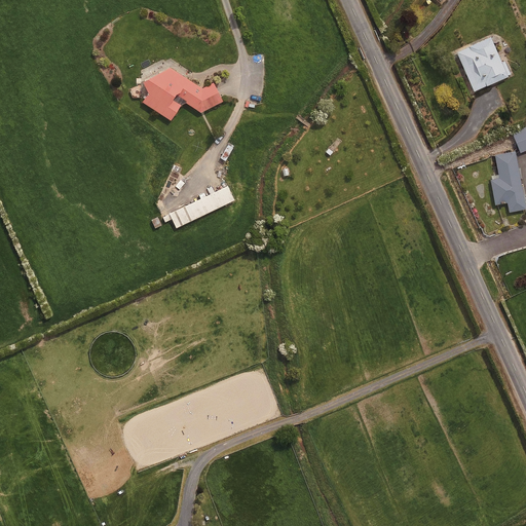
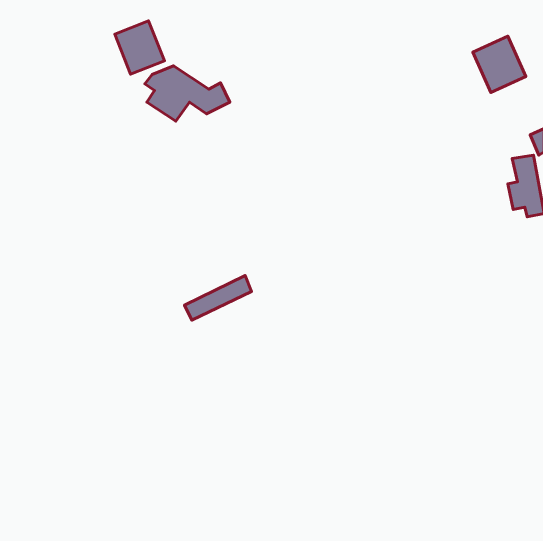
building: none -> [115,21,165,74]
building: [170,185,234,228] -> [184,276,251,320]

